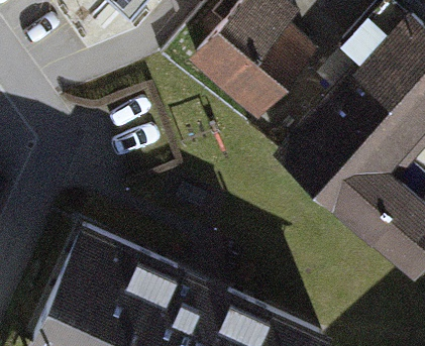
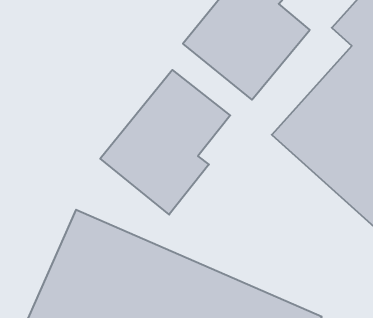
building: none -> [100,70,230,215]

